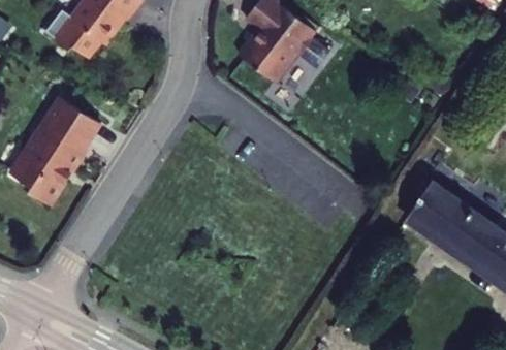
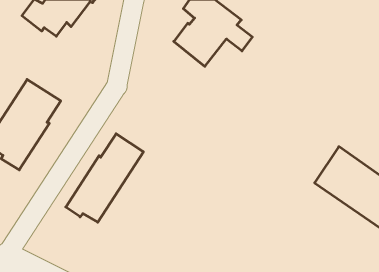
building: none -> [66,134,143,222]

